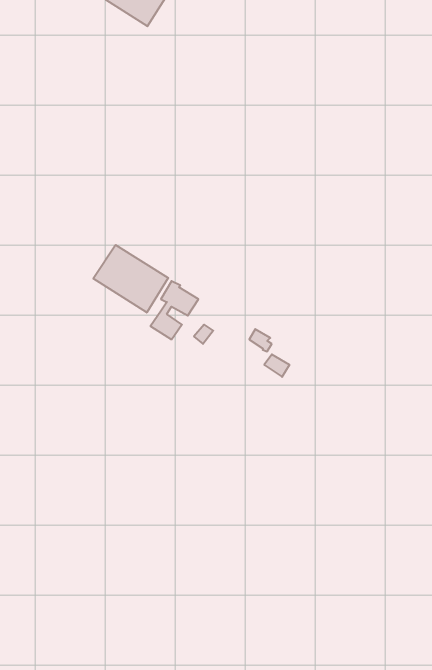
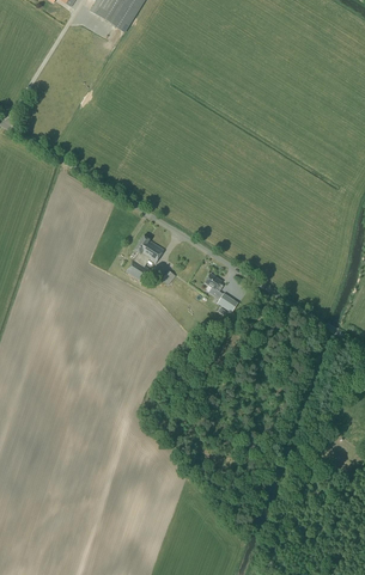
building: [93,245,168,313] -> none

